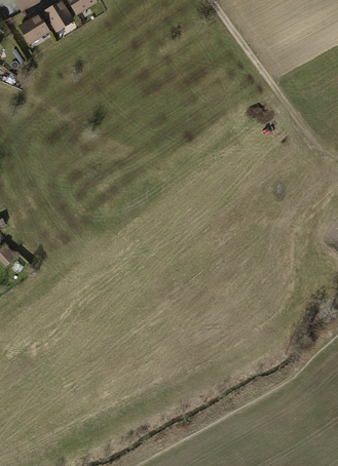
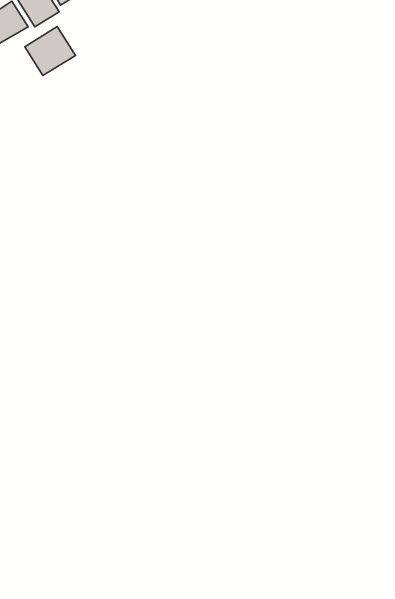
building: none -> [25,27,75,76]

